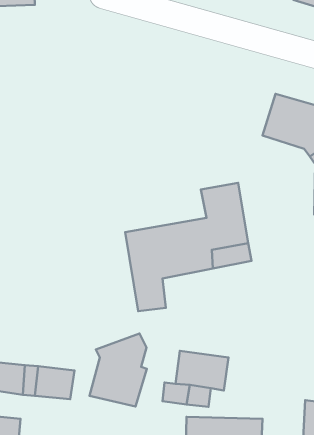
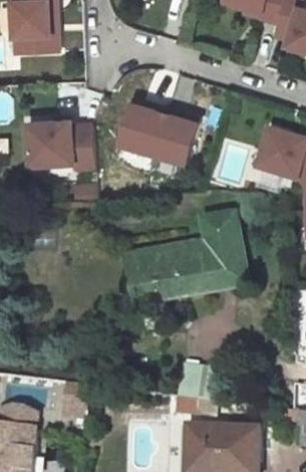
building: none -> [118,101,196,163]
building: none -> [28,119,91,167]
building: [89,334,147,406] -> none

